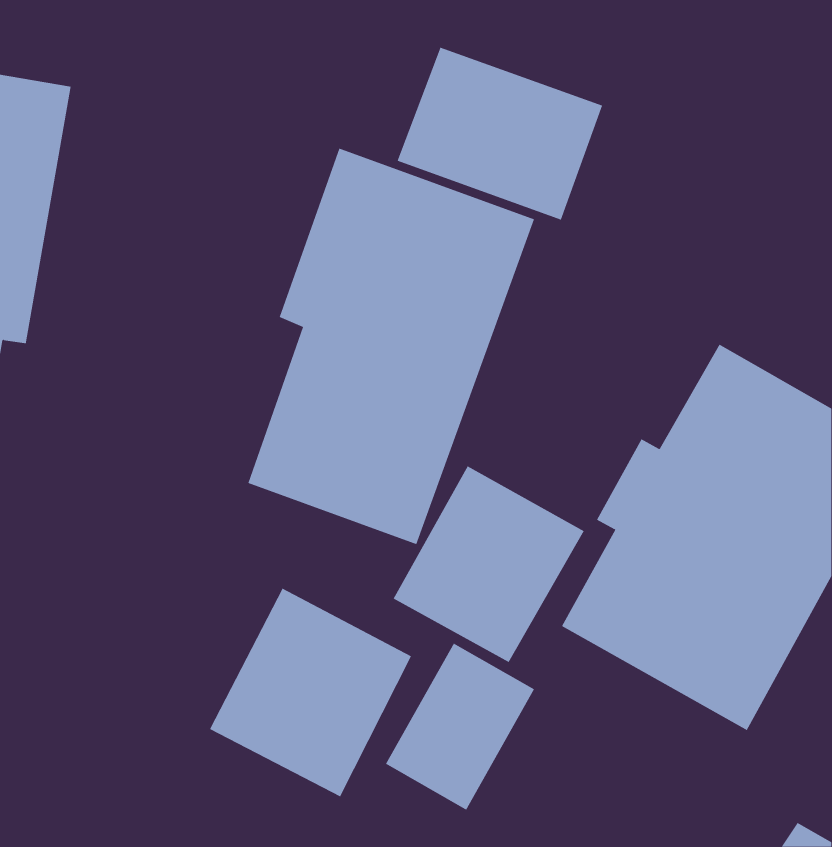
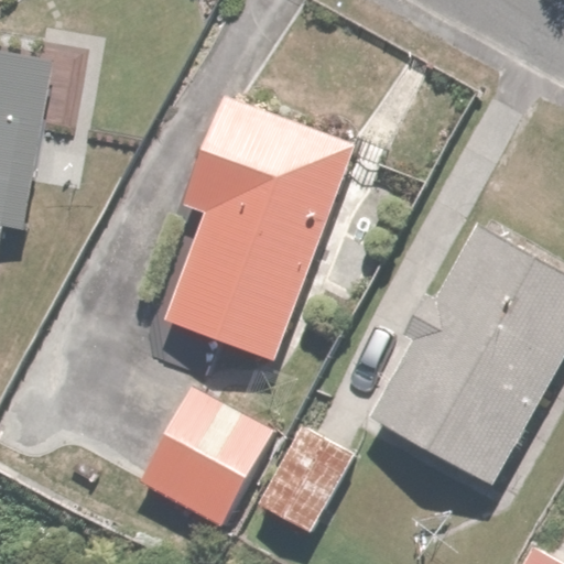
building: [397,47,603,221] -> none
building: [393,465,585,663] -> none

